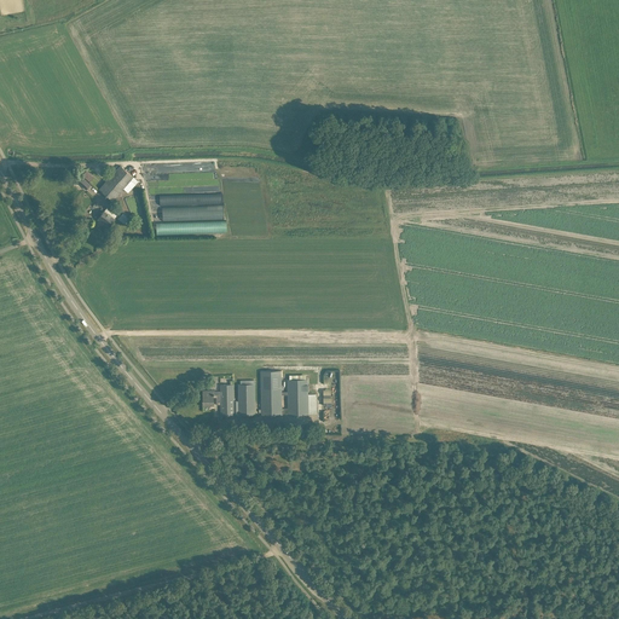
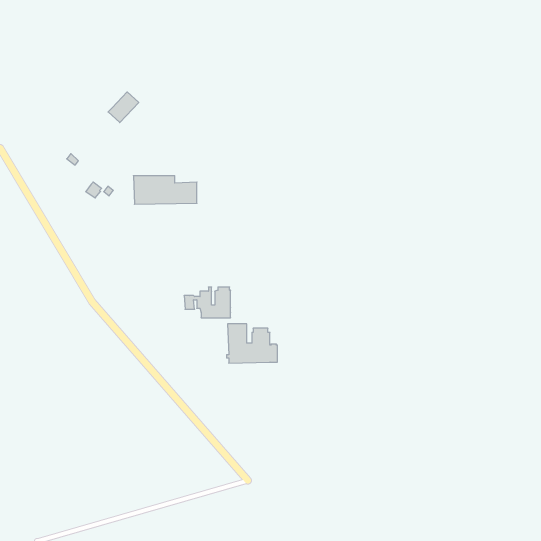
building: [99,166,134,201] -> [108,92,139,123]
building: [202,380,255,415] -> [184,287,231,318]

